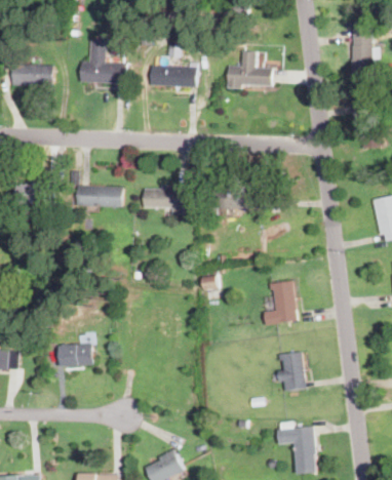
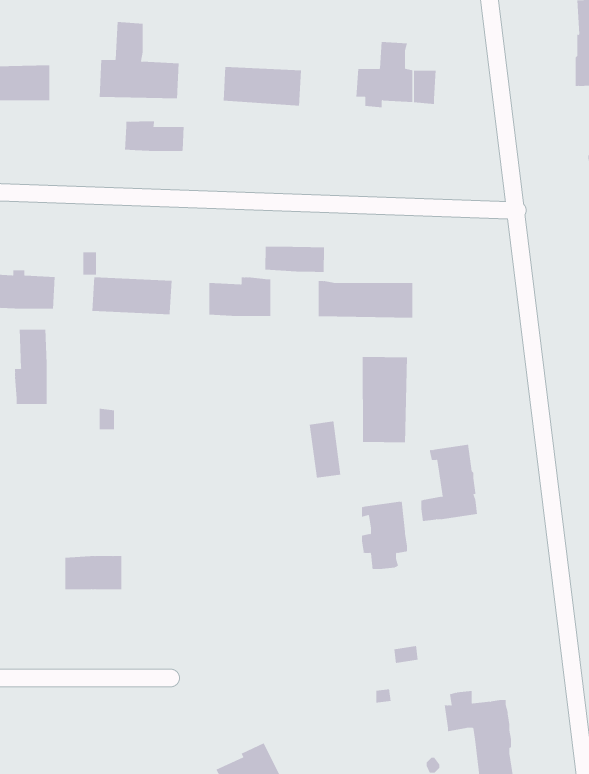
building: none -> [125,120,184,152]
building: none -> [265,246,325,273]
building: none -> [15,329,47,405]
building: none -> [362,356,408,443]
building: [278,351,305,390] -> [361,501,408,570]

